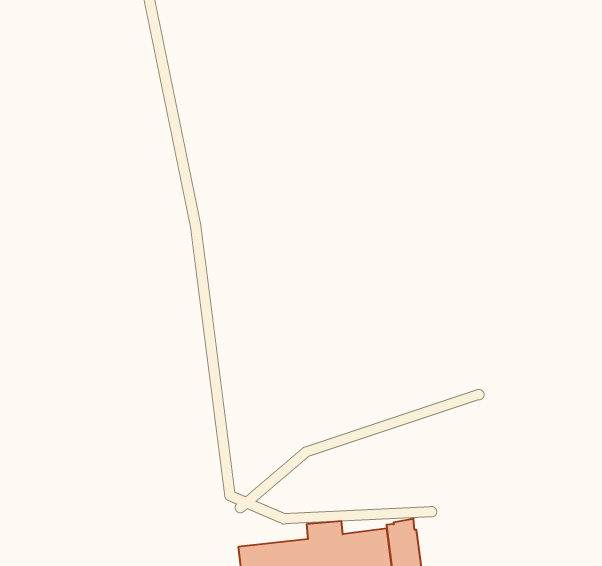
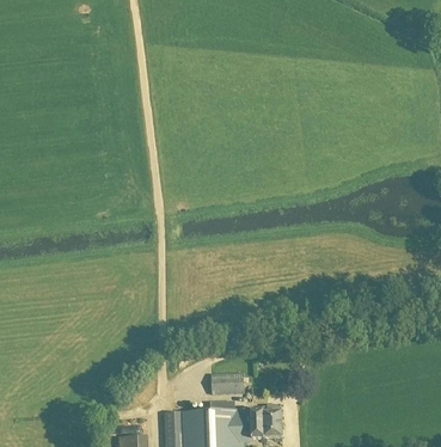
building: none -> [212,373,245,393]

